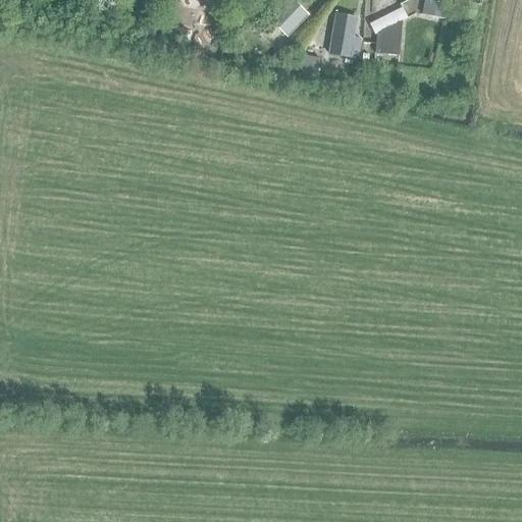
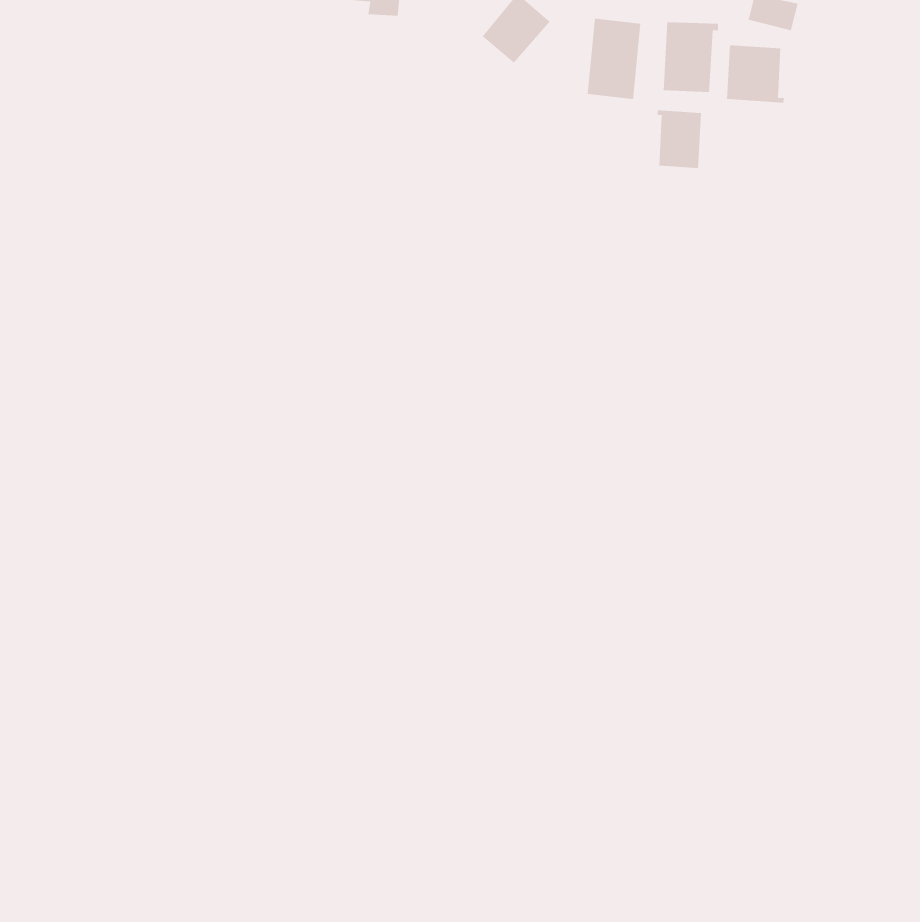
building: none -> [727,44,784,103]
building: none -> [657,109,701,169]

